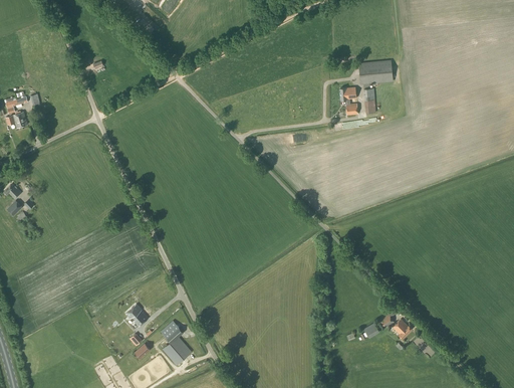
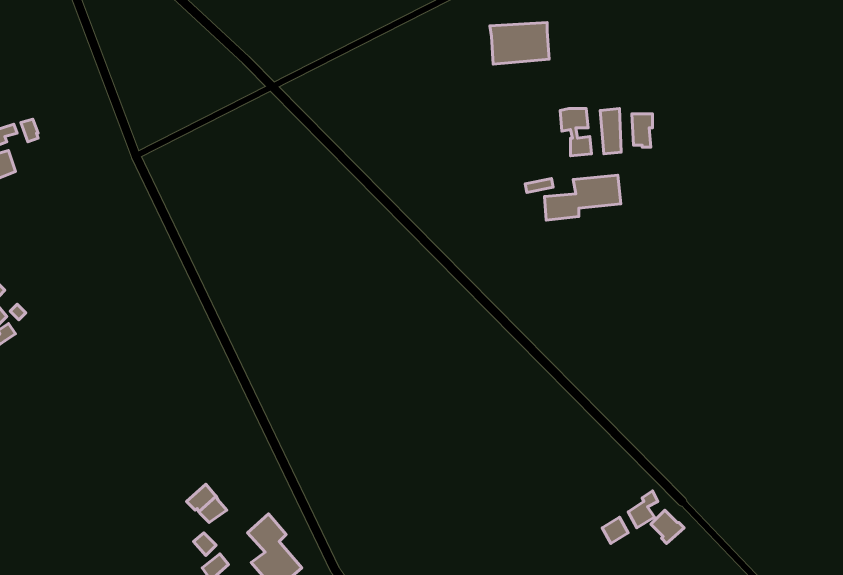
building: [358,60,393,84] -> [490,22,549,64]
building: none -> [545,175,621,220]

